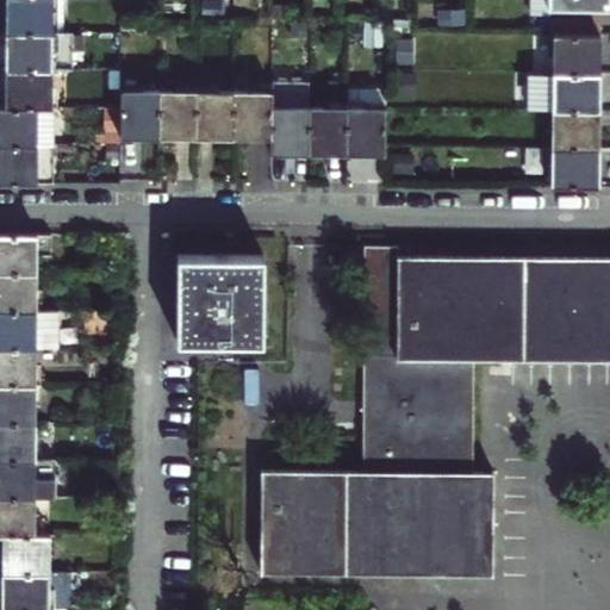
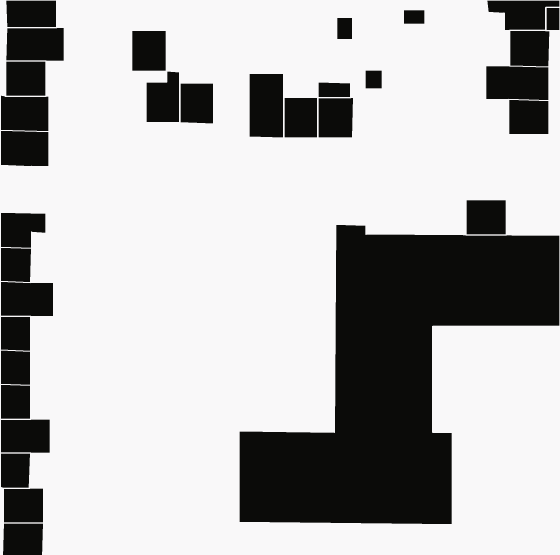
building: [120,94,158,138] -> [132,31,167,71]
building: [232,95,270,139] -> none
building: [553,151,597,189] -> [466,200,507,235]
building: [178,259,262,344] -> none

